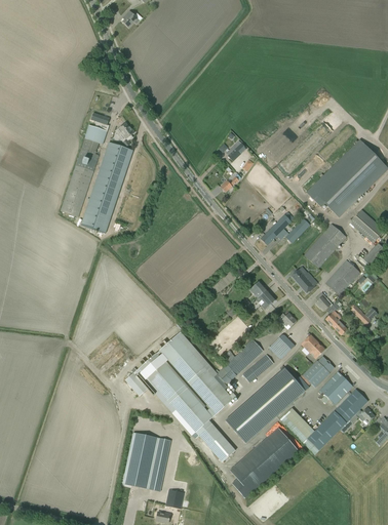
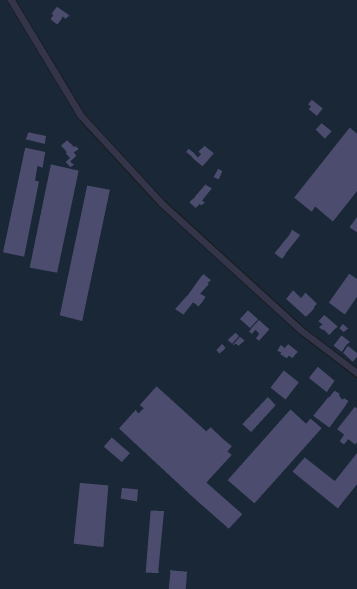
building: none -> [59,185,111,322]
building: [260,211,294,244] -> [174,274,212,315]
building: [304,223,346,268] -> none
building: [214,338,263,383] -> none
building: [230,427,299,496] -> none
building: [122,432,158,488] -> [73,482,109,548]

